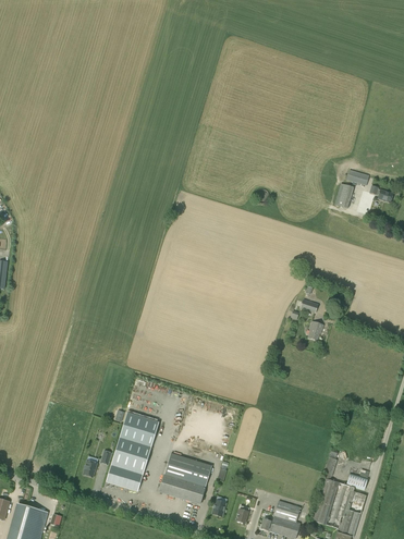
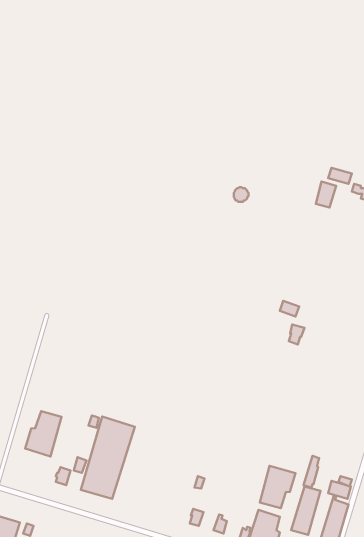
building: none -> [25,411,62,456]
building: [159,453,211,504] -> none
building: none -> [260,466,295,508]

